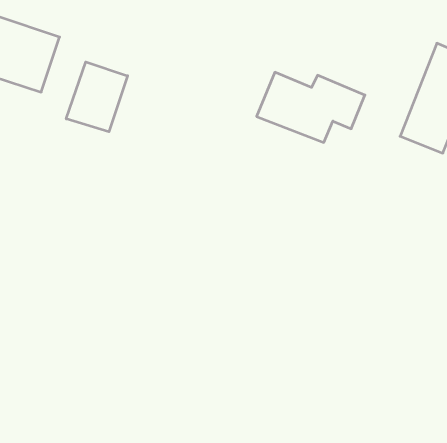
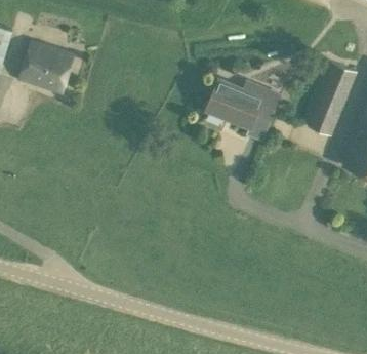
building: [66,62,128,132] -> none

